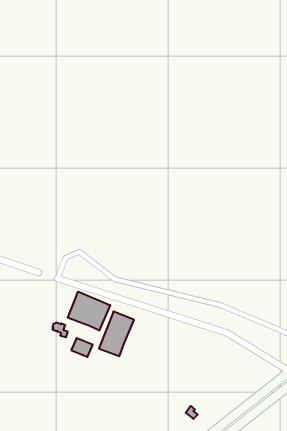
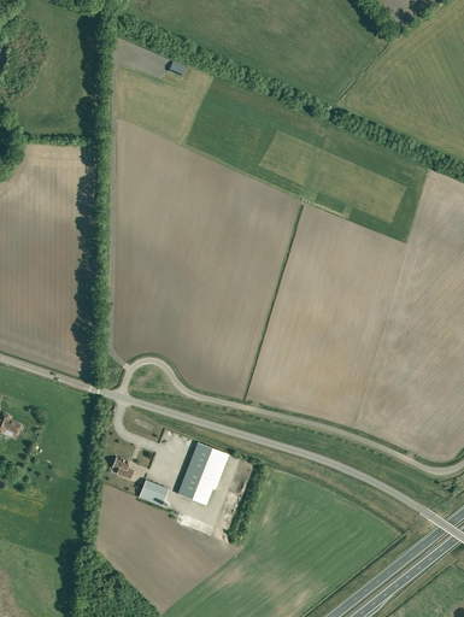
building: [68,292,110,331] -> none

